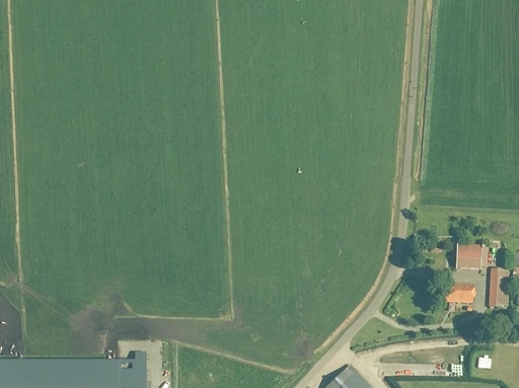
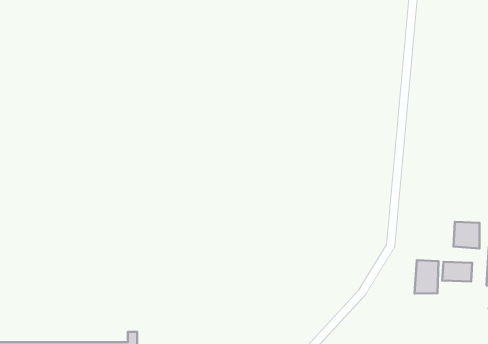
building: none -> [415,260,439,294]

